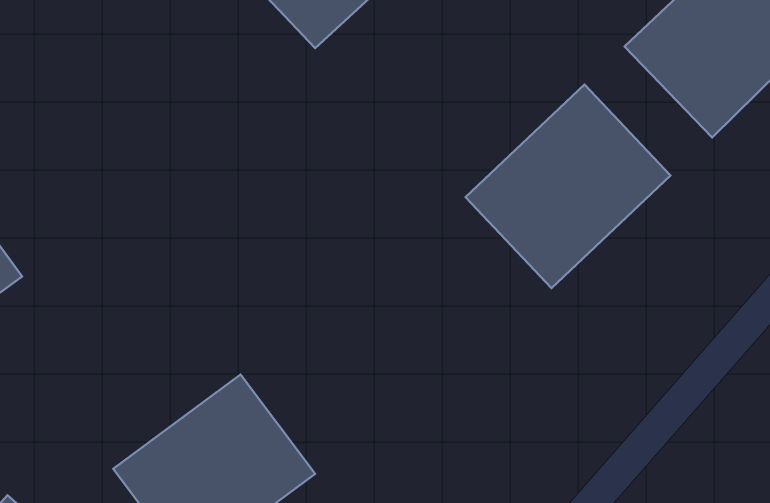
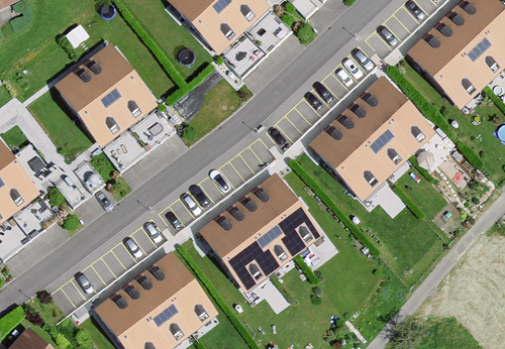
building: none -> [55,42,157,145]
building: none -> [199,172,321,290]

